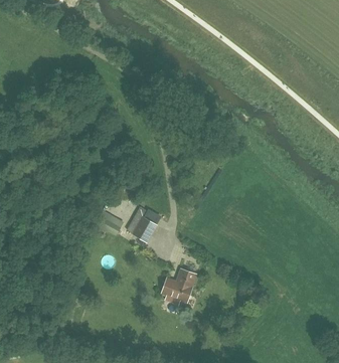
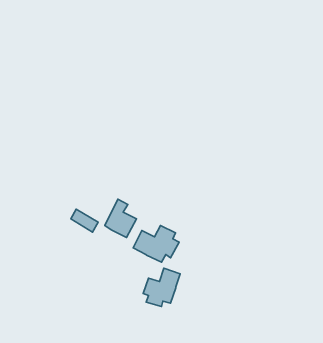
building: none -> [133,226,179,262]

